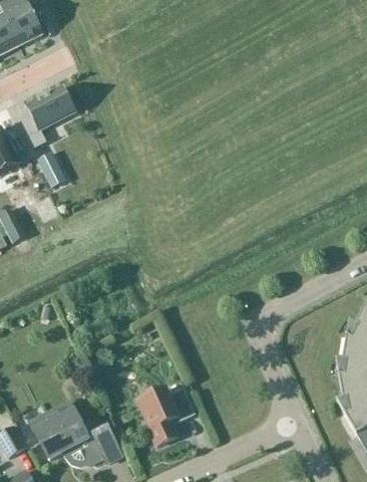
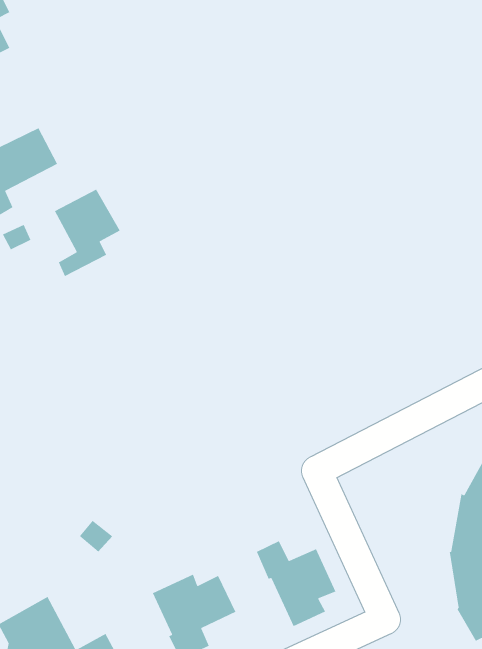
building: none -> [54,188,121,277]
building: none -> [256,540,336,627]

